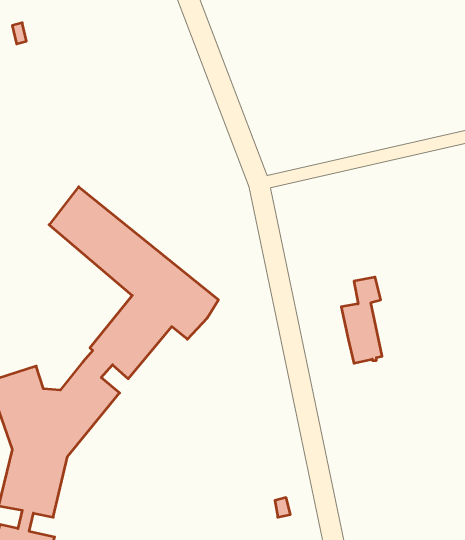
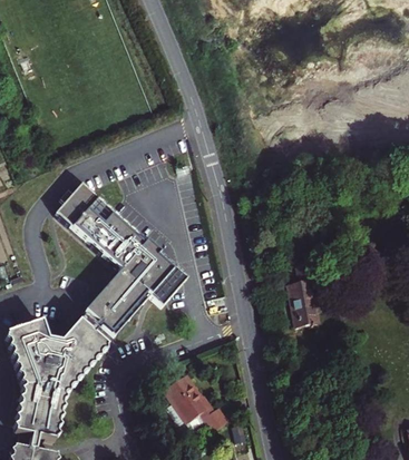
building: none -> [159,375,225,432]

